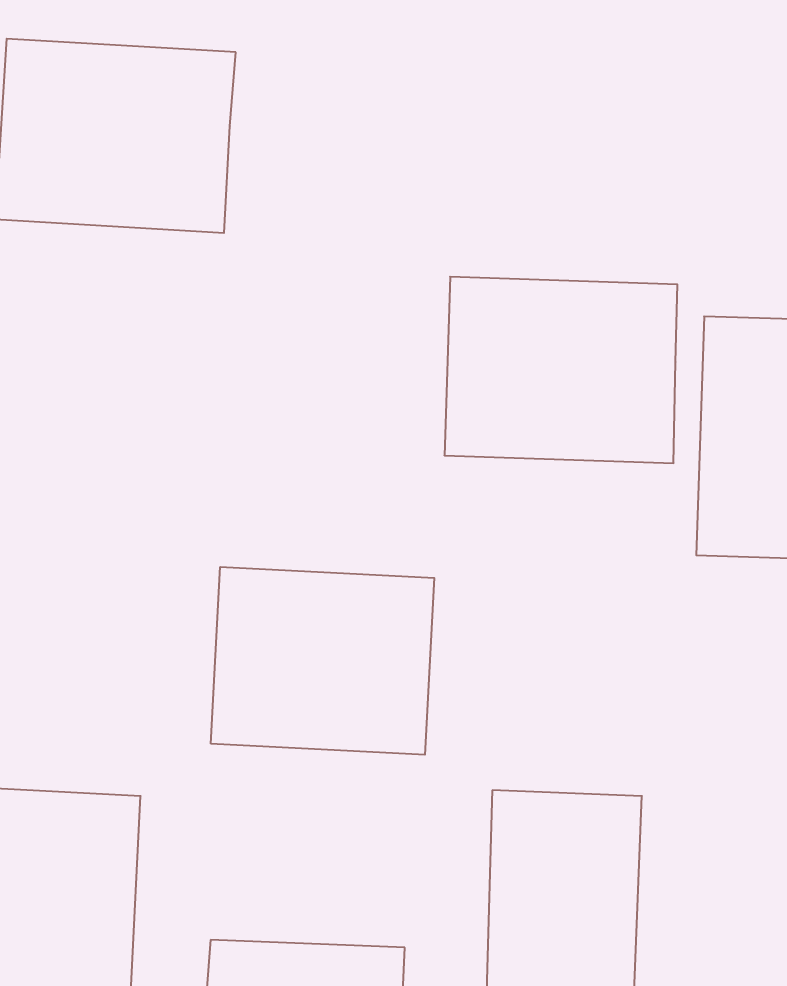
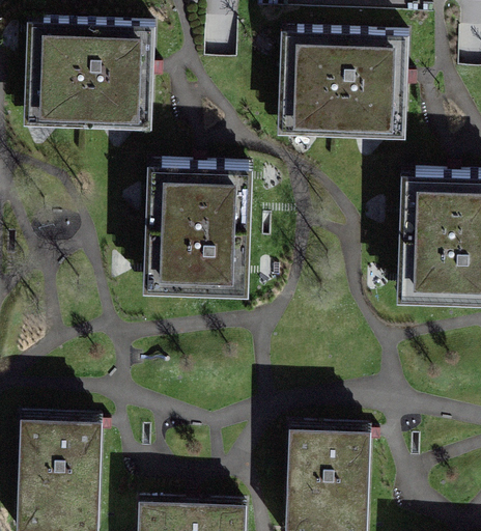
building: [444,277,677,463] -> [282,33,406,133]
building: none -> [143,162,246,288]
building: [211,567,434,755] -> none

